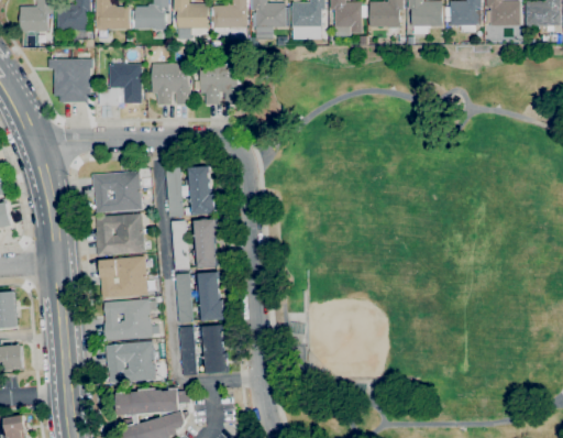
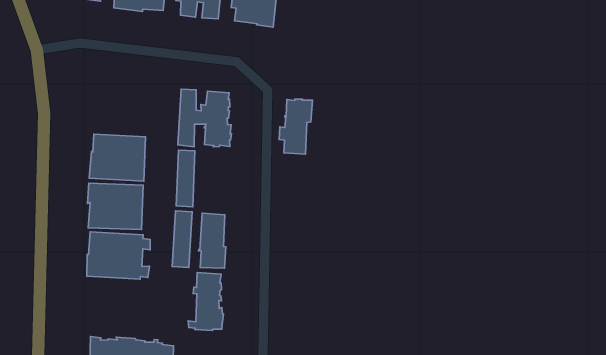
building: [91,171,142,212] -> none
building: [191,218,218,266] -> [279,99,312,154]
building: [179,326,198,375] -> none
building: [104,340,155,383] -> none

